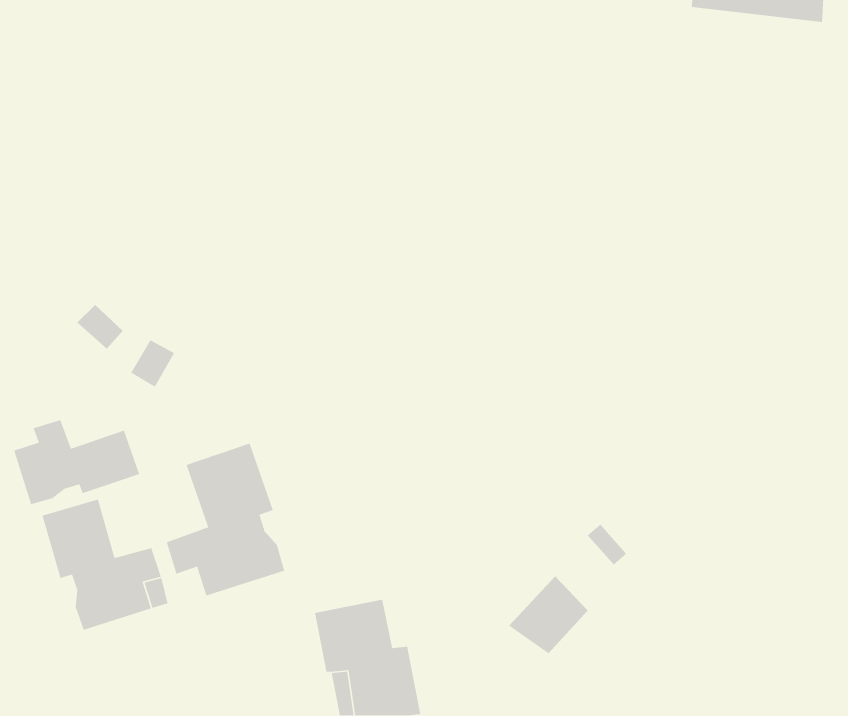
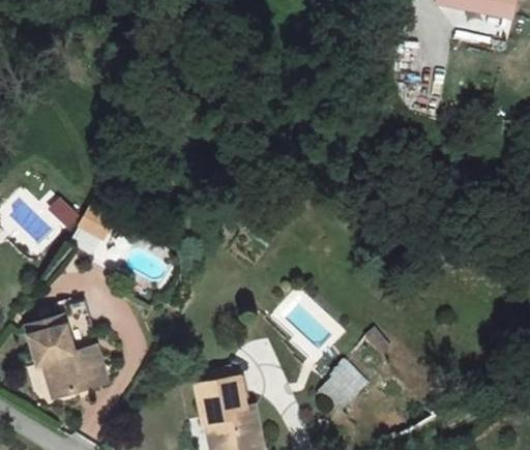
building: [13,419,140,505] -> none
building: [166,443,285,596] -> none

